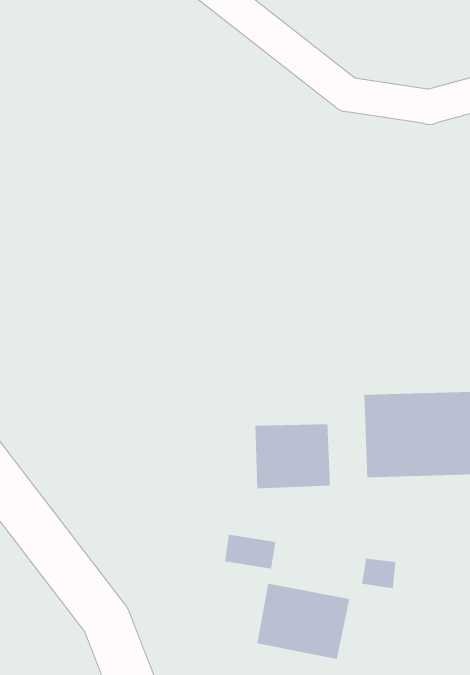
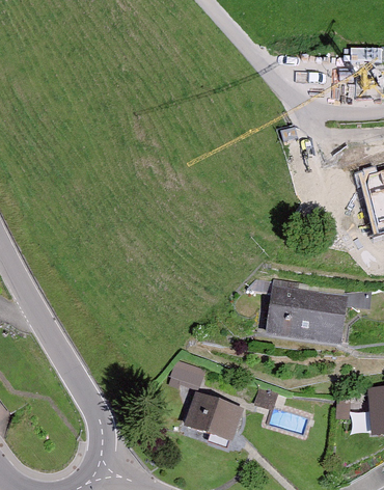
building: [255,424,330,489] -> none

